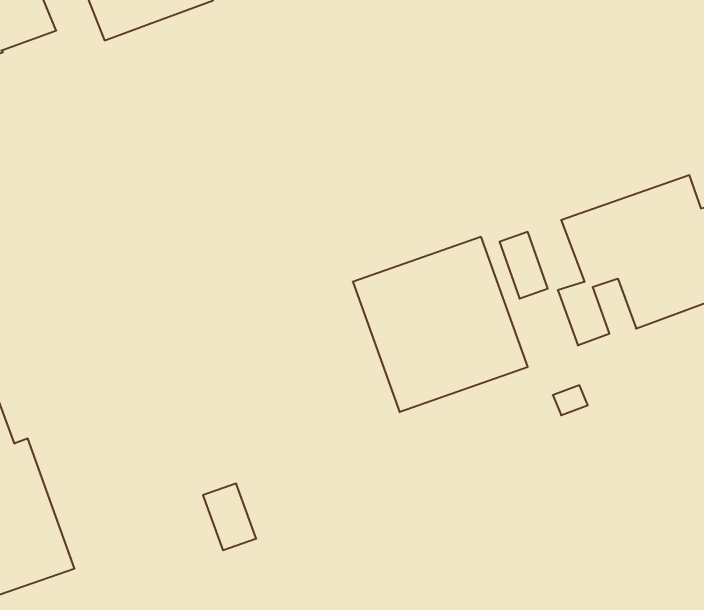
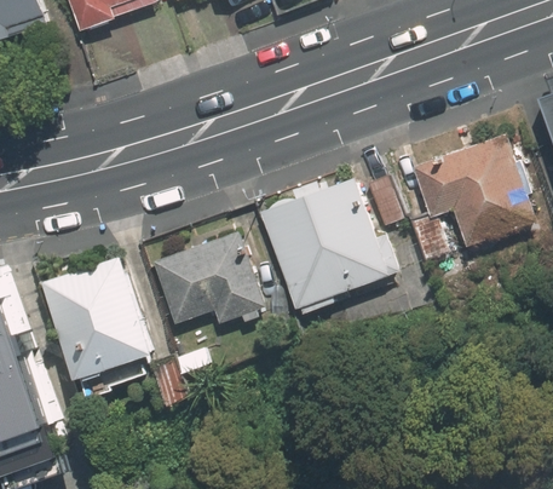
building: none -> [151,230,265,322]
building: none -> [44,254,155,396]

